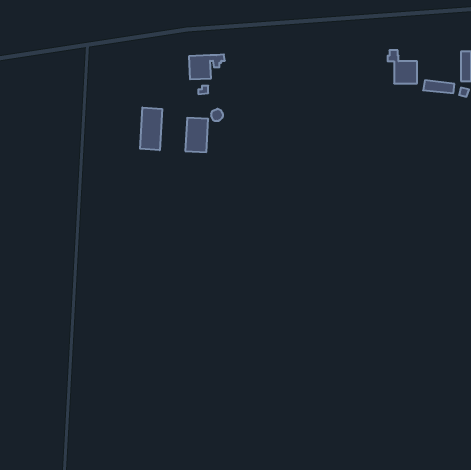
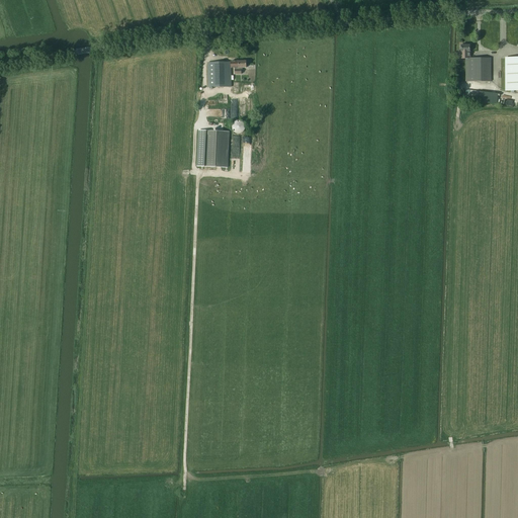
building: [388,50,417,83] -> [458,45,491,81]
building: [140,107,162,150] -> none

